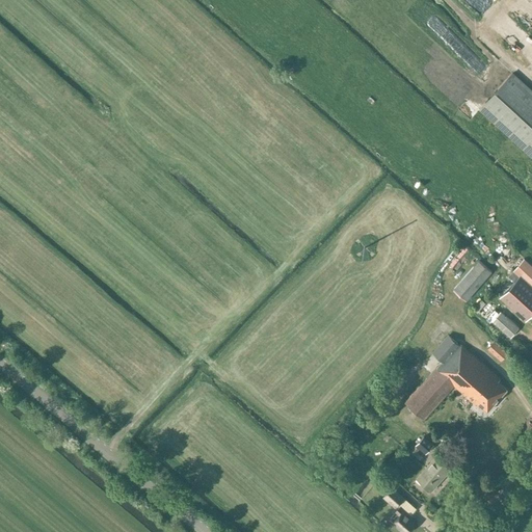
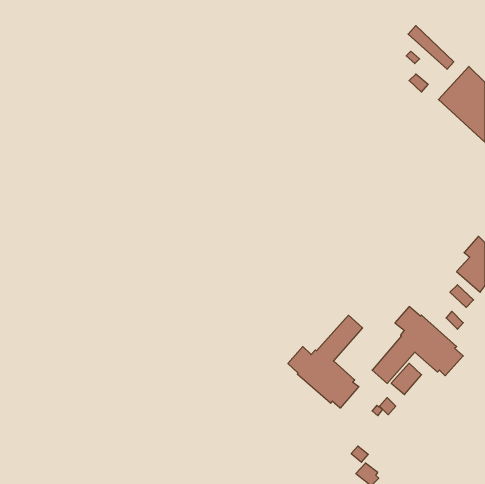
building: [454,262,491,301] -> none
building: none -> [288,315,363,408]
building: [417,457,450,491] -> [391,363,422,395]

